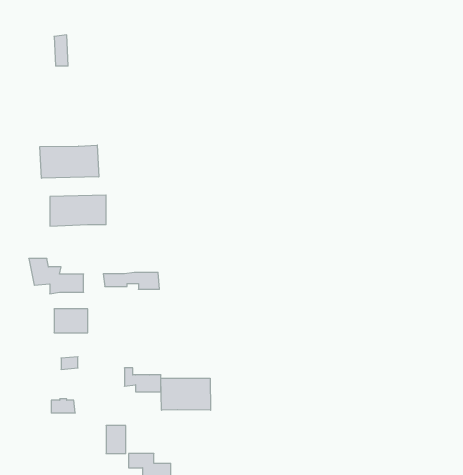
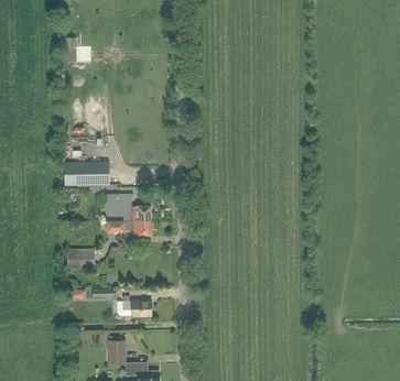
building: [40,145,99,178] -> none
building: [29,259,84,294] -> [106,194,149,221]
building: [161,378,211,410] -> none

